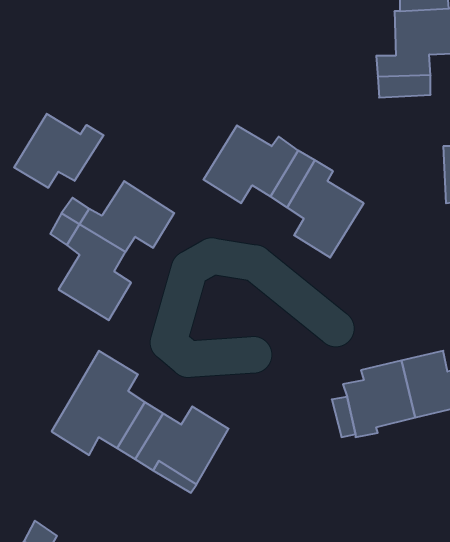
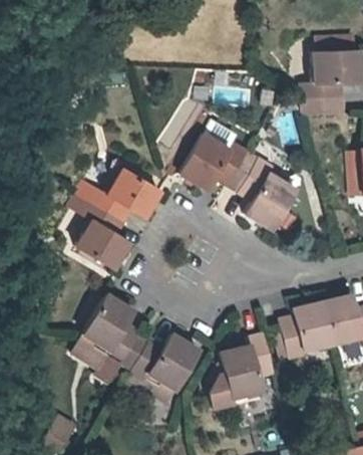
building: [14,114,104,188] -> none
building: none -> [218,335,271,400]

